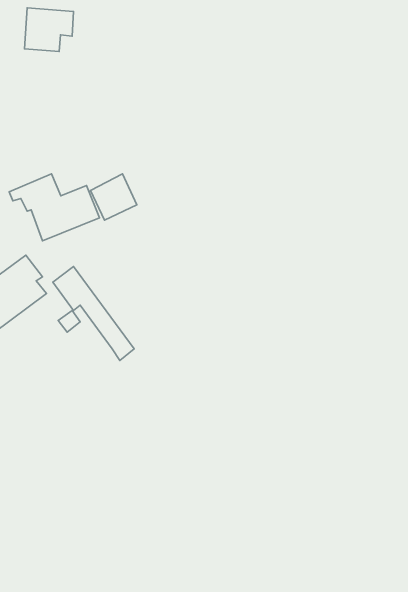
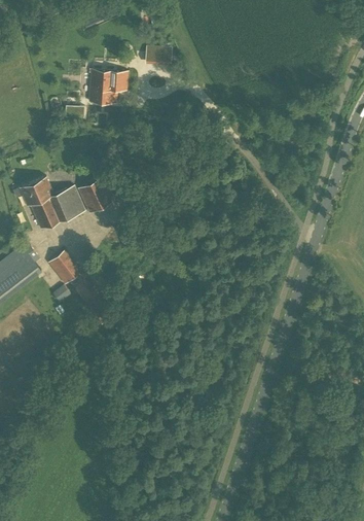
building: [24,8,73,51] -> [88,69,128,104]
building: none -> [145,47,171,67]

